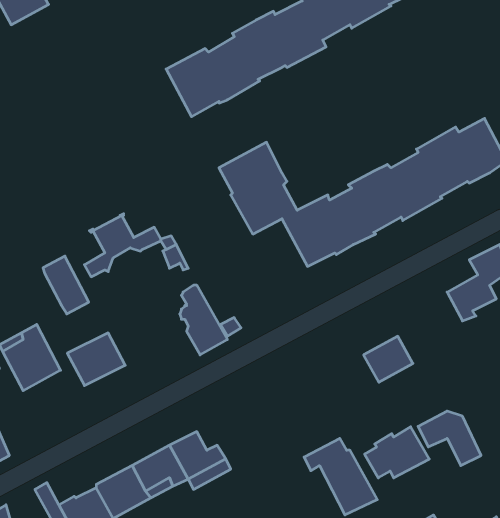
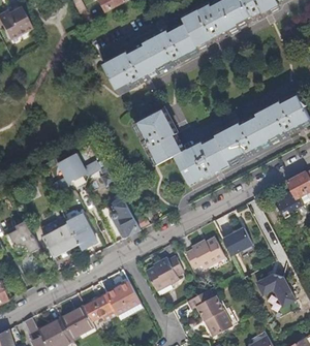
building: [43,256,89,314] -> [68,214,96,249]
building: none -> [147,254,183,289]
building: [365,427,429,478] -> [186,235,225,266]

